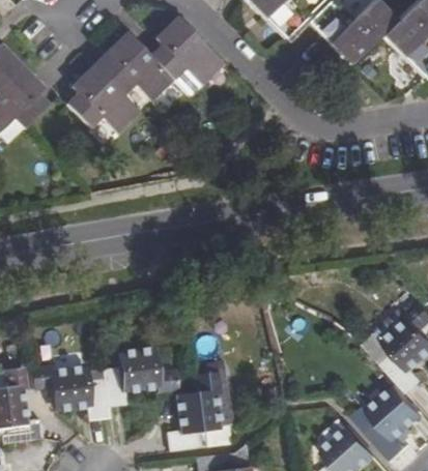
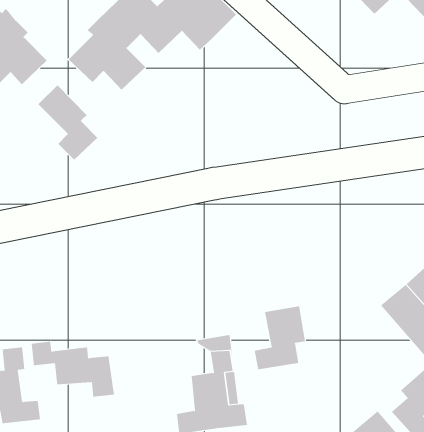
building: none -> [37,84,98,161]
building: none -> [254,306,305,370]
building: [105,350,179,405] -> none

